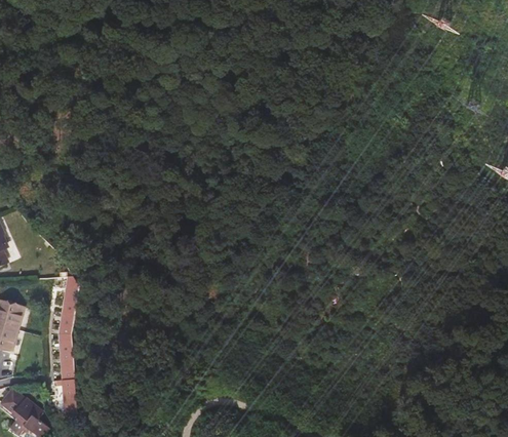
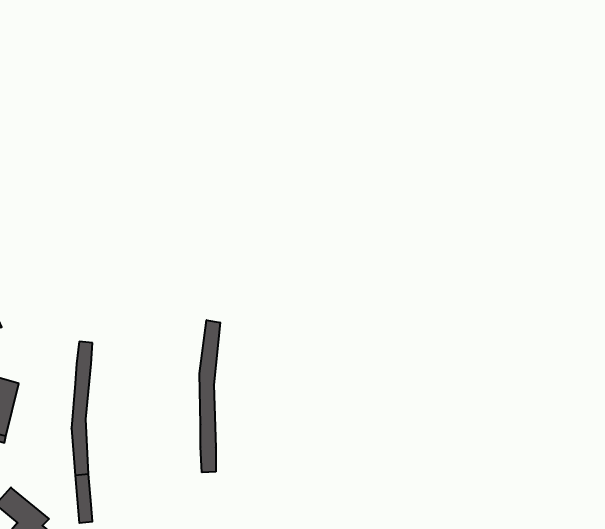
building: none -> [199,320,220,472]

